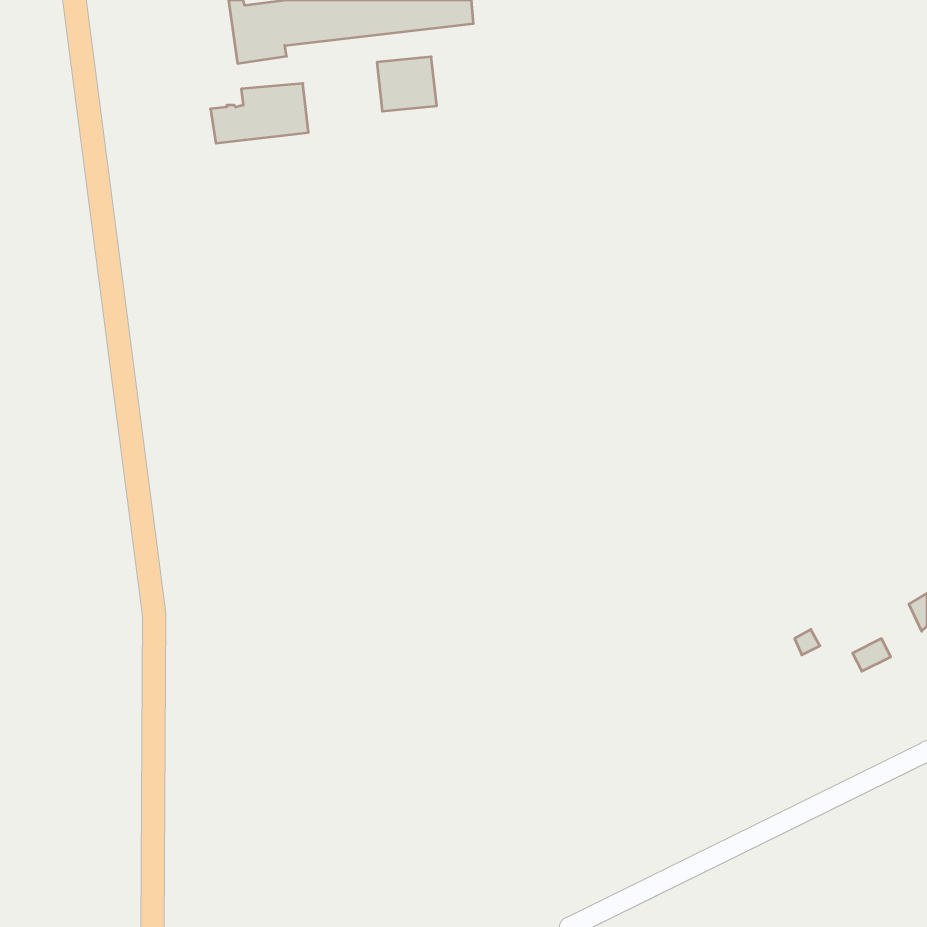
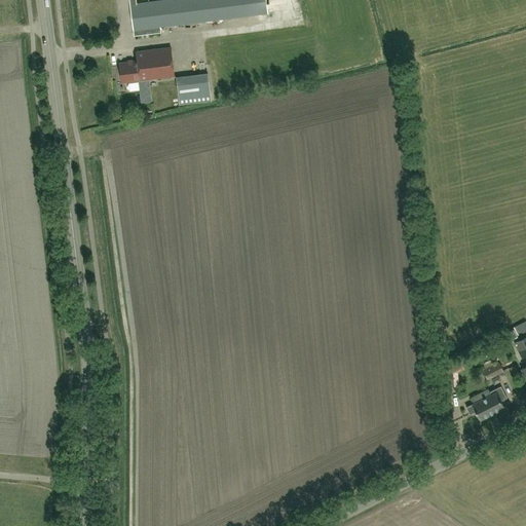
building: [377,57,437,111] -> [177,74,211,105]
building: none -> [466,385,506,419]

